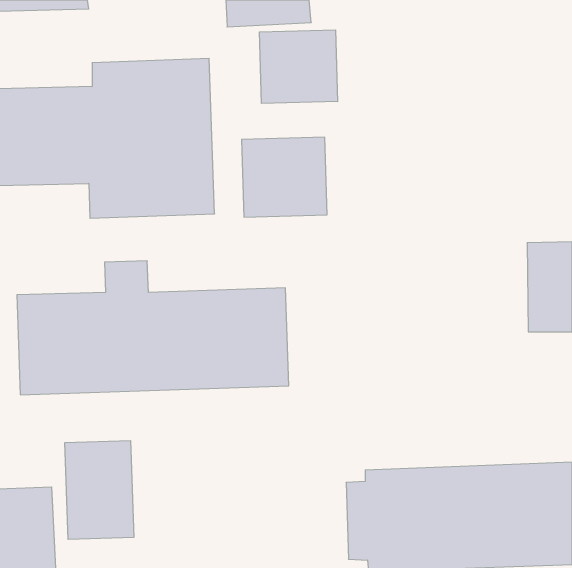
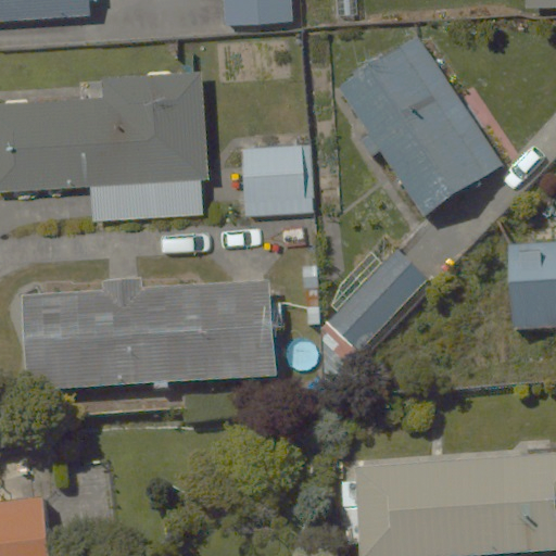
building: [260,30,338,103] -> none
building: none -> [338,38,504,217]
building: [65,441,134,539] -> none

